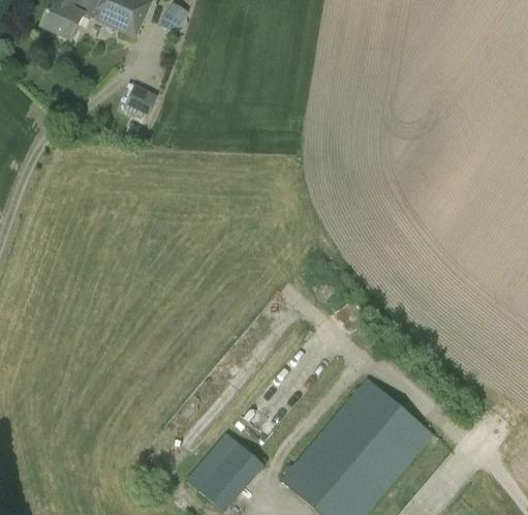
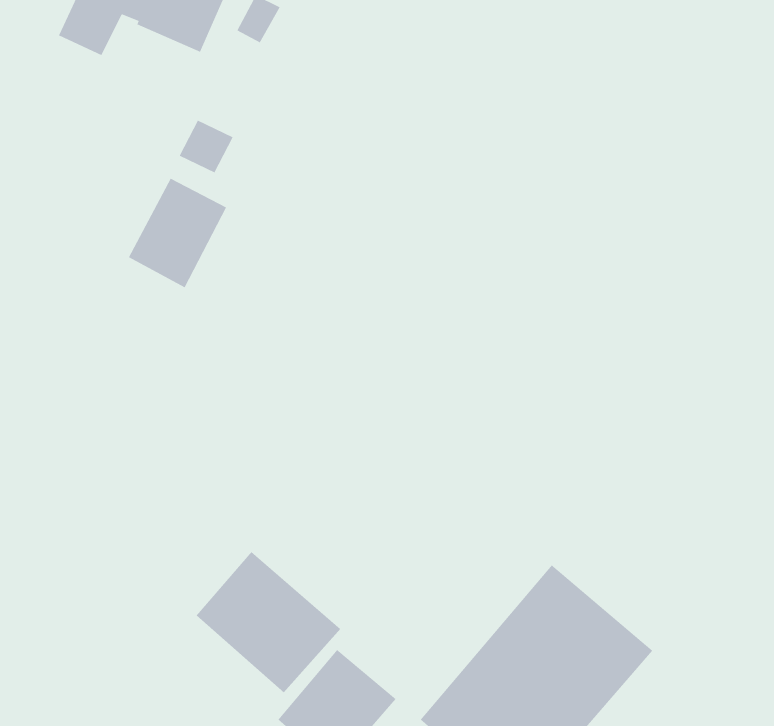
building: none -> [128,178,227,288]
building: none -> [196,551,341,693]

